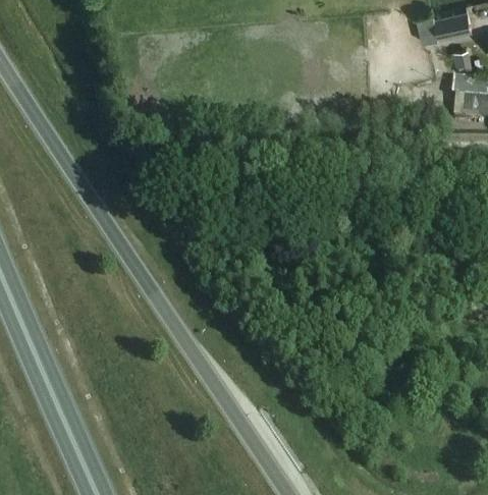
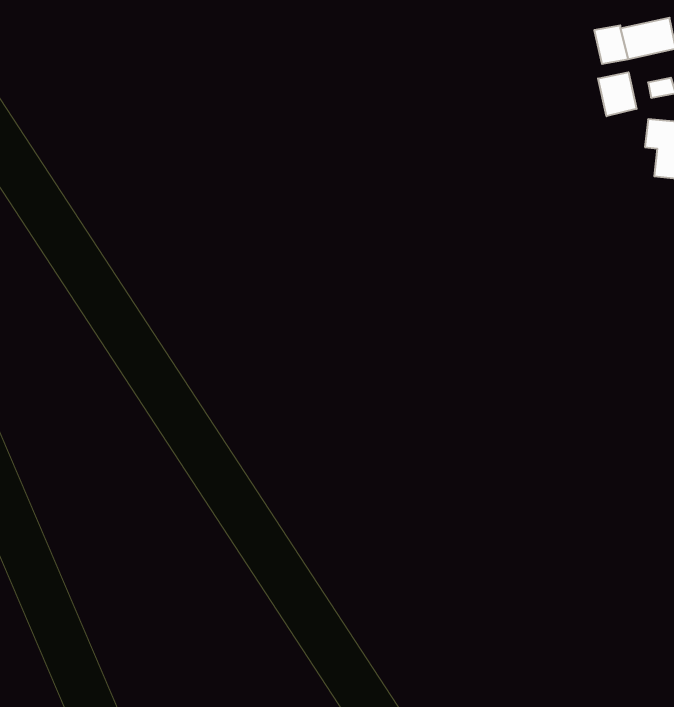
building: none -> [598,72,637,116]

